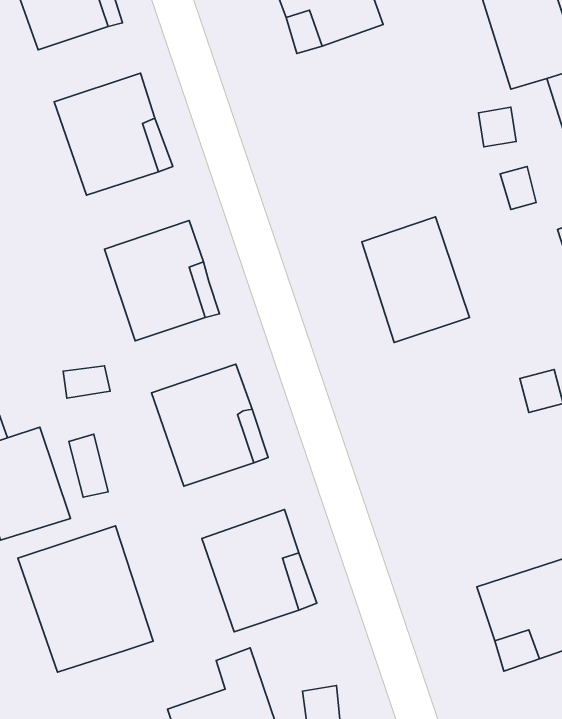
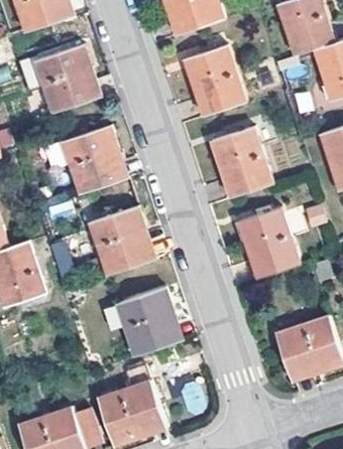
building: none -> [181,42,242,114]
building: none -> [235,204,297,277]
building: [18,526,153,672] -> none

